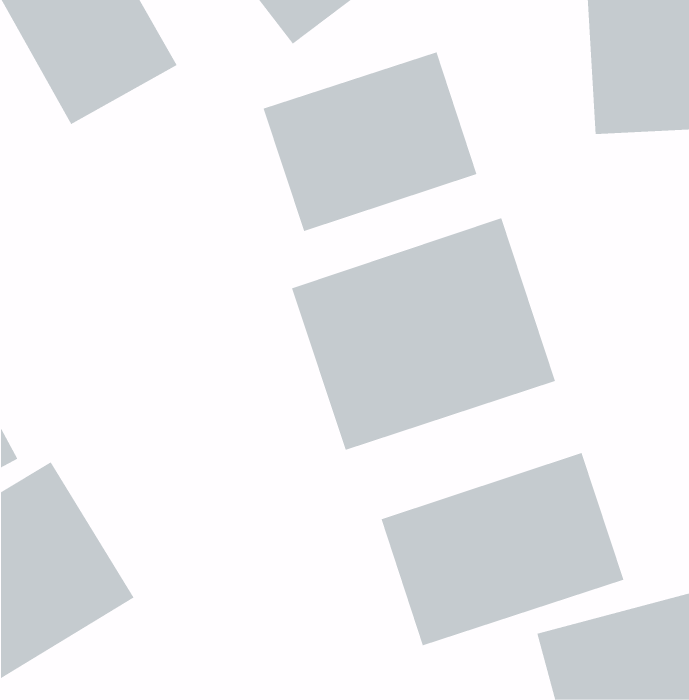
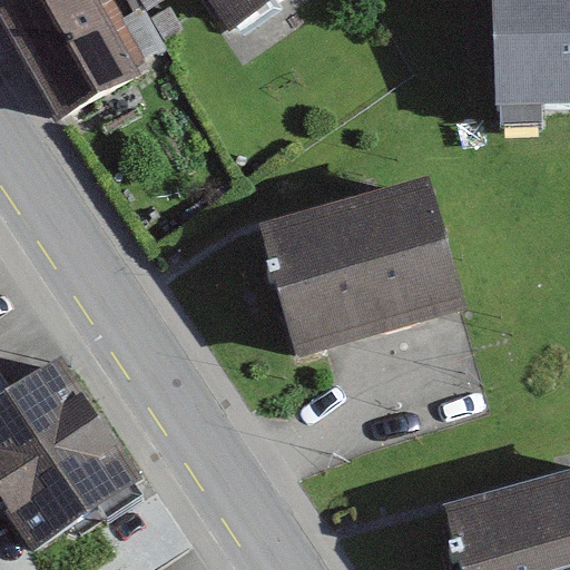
building: [263,51,477,232] -> none
building: [381,452,624,646] -> none

